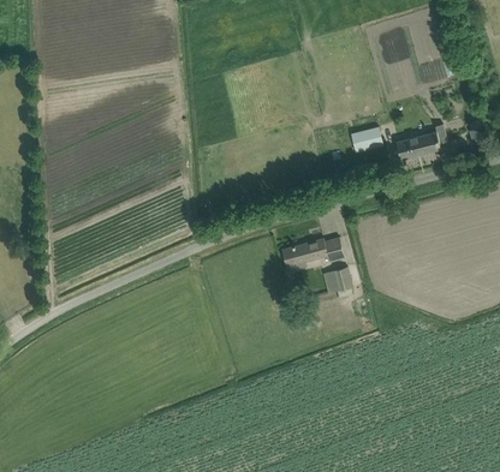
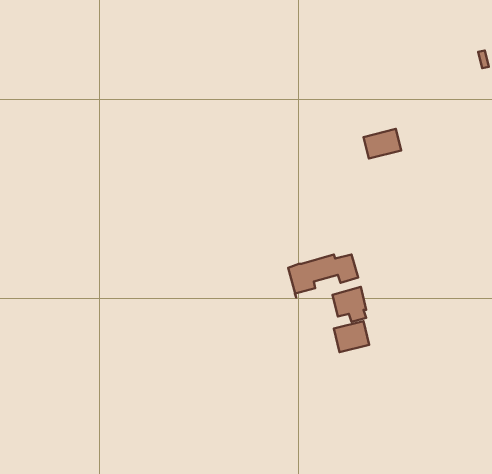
building: [394,124,446,159] -> none
building: none -> [334,321,369,352]

